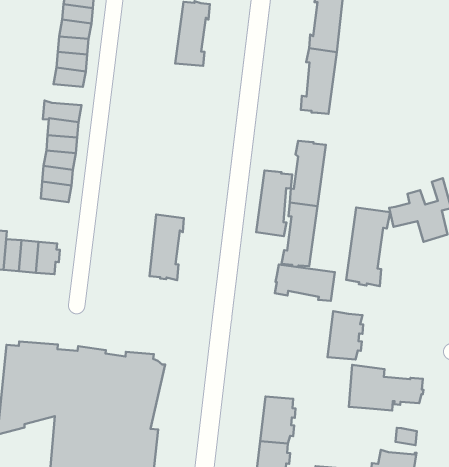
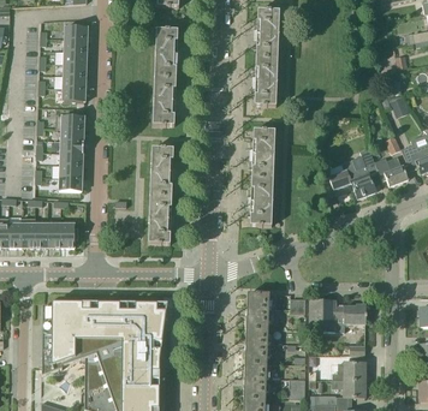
building: none -> [153,77,176,125]
building: [256,171,292,236] -> [149,147,173,196]
building: [346,208,390,286] -> none
building: [275,265,335,301] -> none
building: [328,311,363,360] -> [245,292,271,328]

